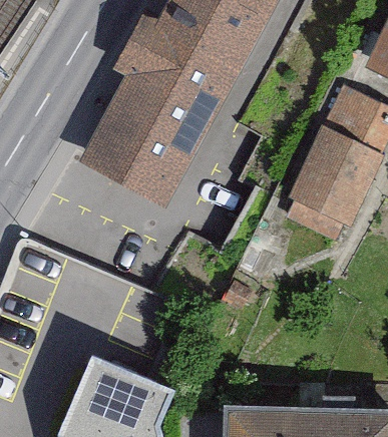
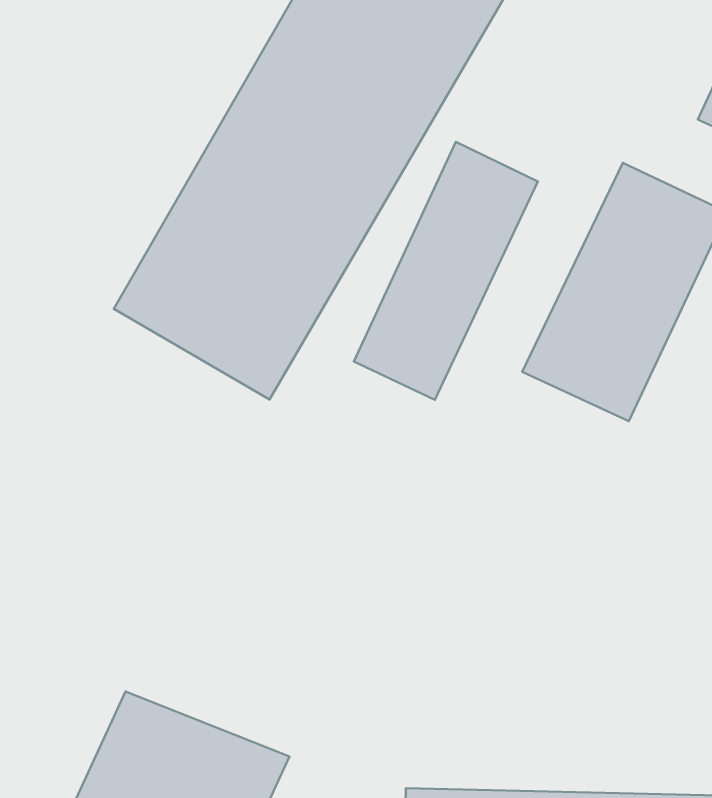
building: none -> [354,142,538,400]

